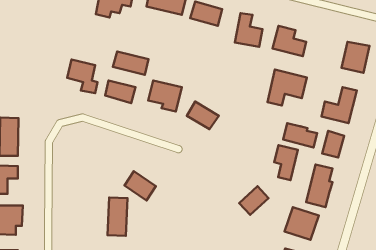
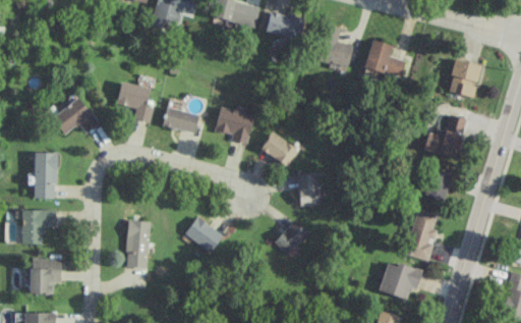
building: [113,51,148,75] -> none
building: [268,70,307,106] -> none
building: none -> [52,98,99,136]
building: [283,123,317,147] -> none
building: none -> [298,173,320,206]
building: [274,145,298,180] -> none
building: [239,186,269,215] -> [274,220,309,255]
building: [107,197,128,236] -> [126,221,151,268]

